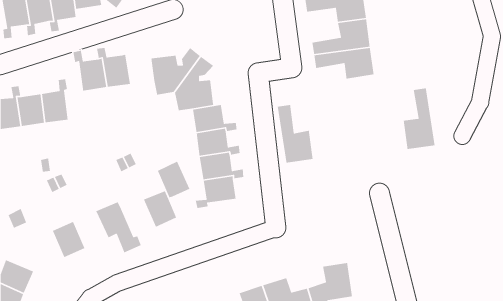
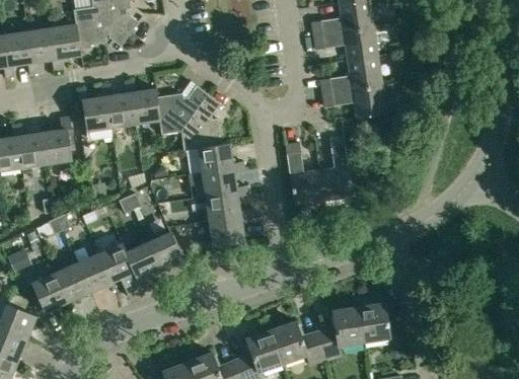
building: none -> [124,81,158,124]
building: [403,88,436,150] -> [318,137,352,201]
building: [157,161,190,198] -> [126,241,160,280]
building: none -> [76,253,112,292]
building: none -> [22,272,66,312]
building: none -> [358,302,389,342]

